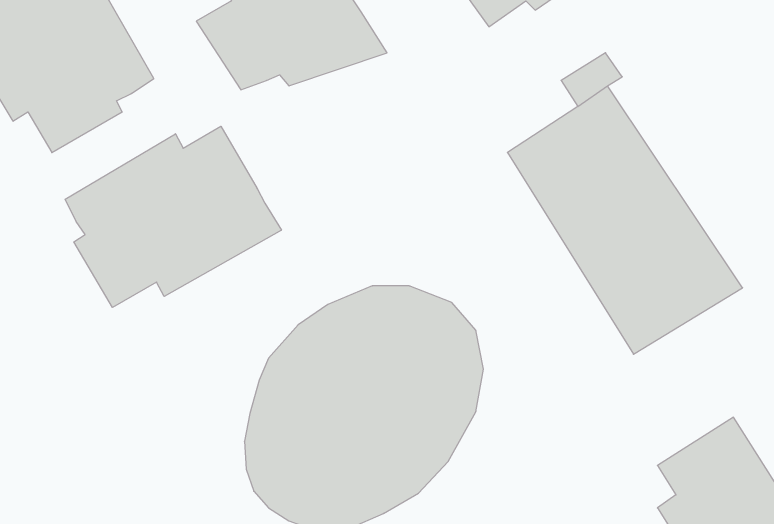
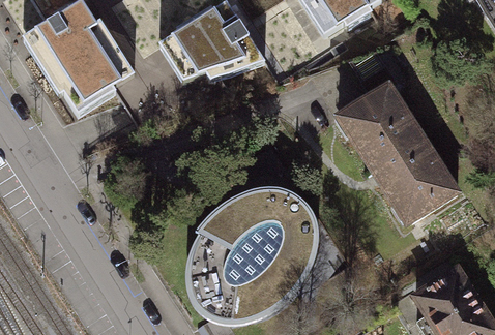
building: [65,126,281,307] -> none

